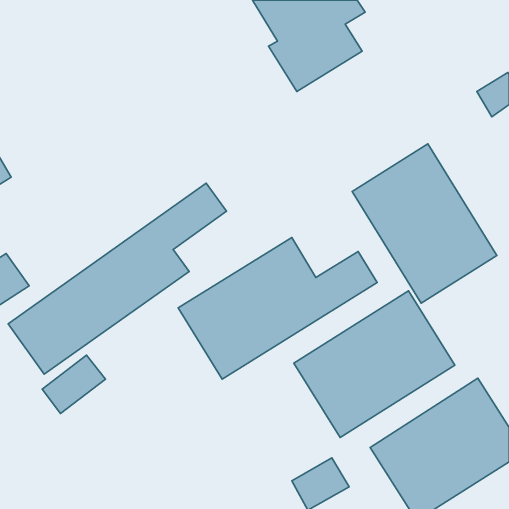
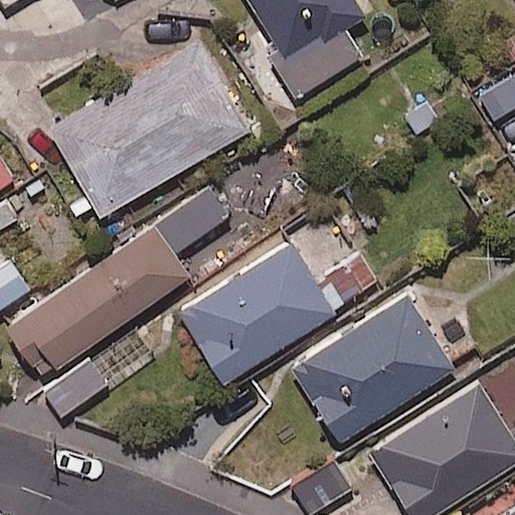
building: none -> [47,42,248,218]
building: [352,144,497,303] -> none

